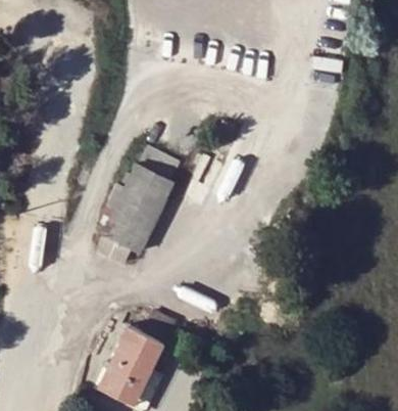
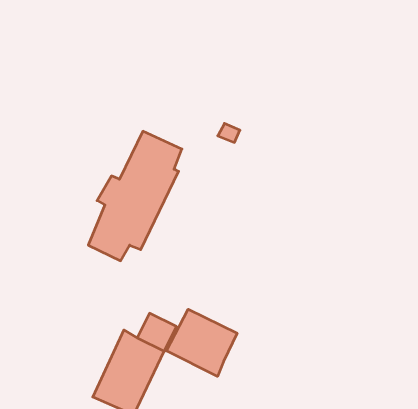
building: none -> [166,309,237,376]

